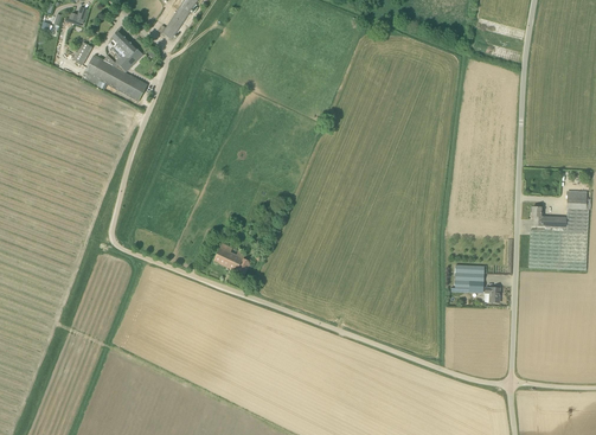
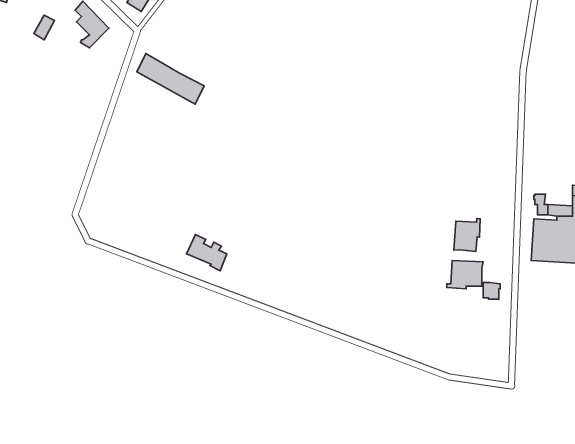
building: [85,53,147,100] -> [137,54,204,104]
building: none -> [454,218,480,251]

